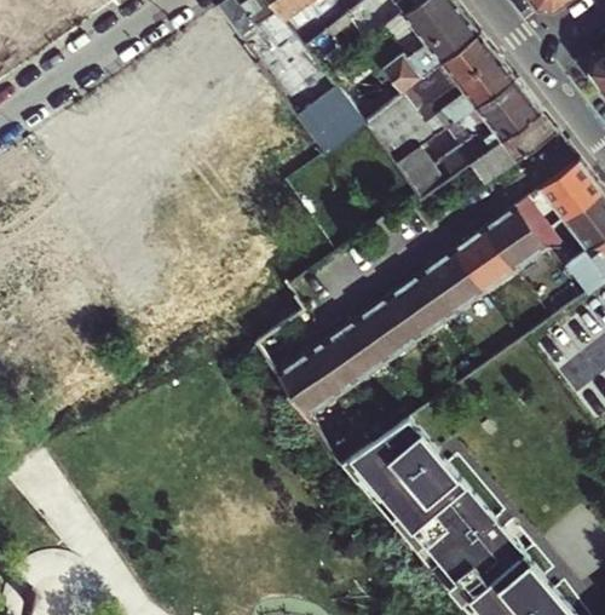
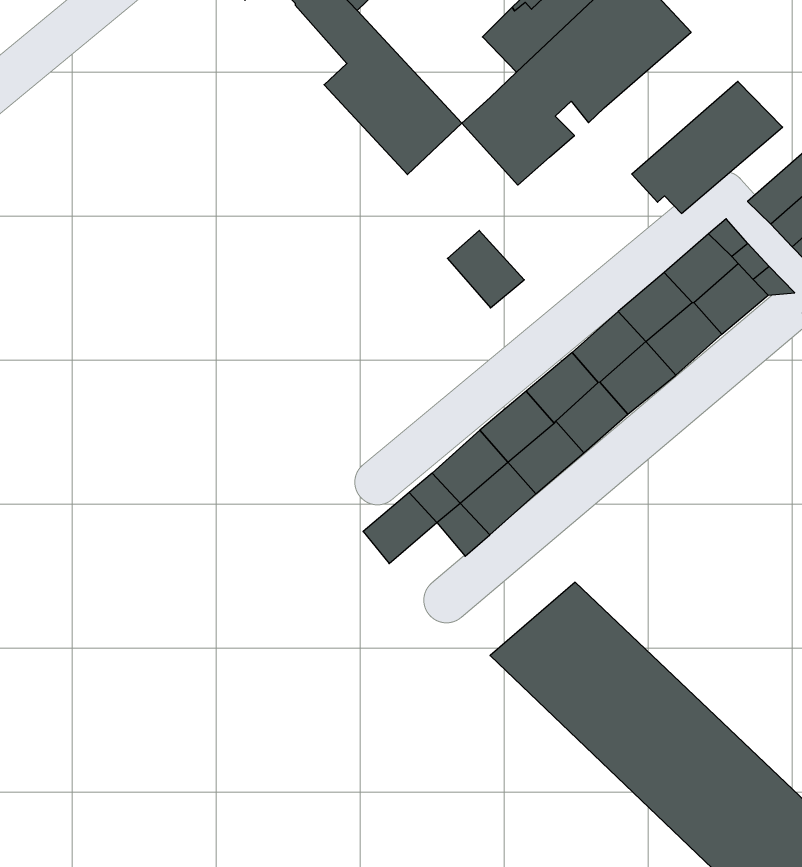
building: [437,79,538,177] -> none
building: [393,149,440,199] -> [447,230,524,308]
building: [289,373,338,419] -> none

